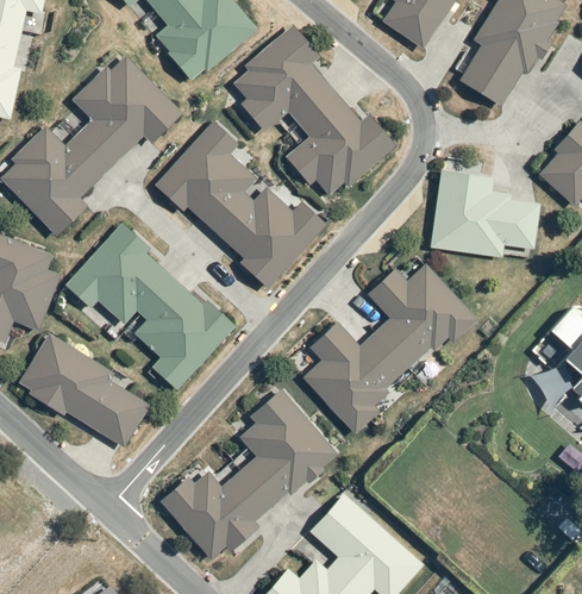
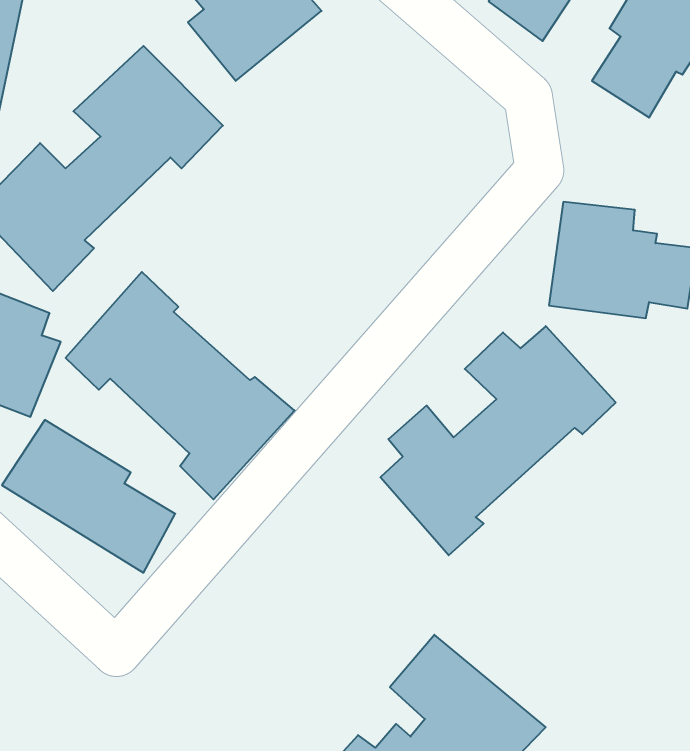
building: [223,25,398,204] -> none
building: [157,120,327,285] -> none
building: [157,388,336,562] -> none

